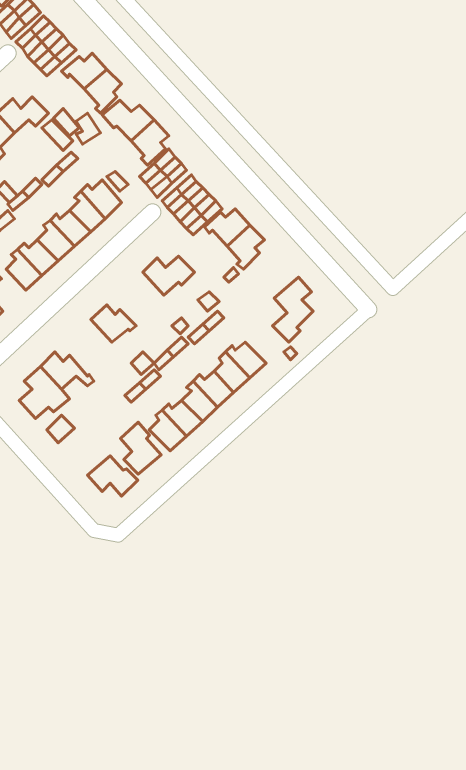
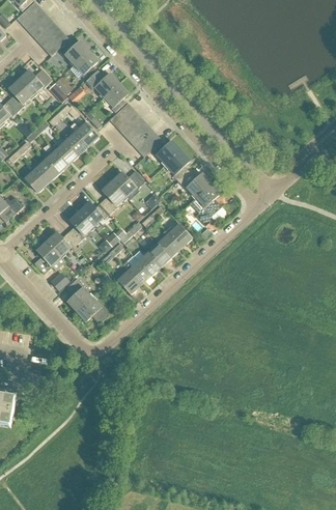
building: none -> [177,169,212,196]
building: none -> [100,179,125,212]
building: none -> [66,209,92,243]
building: [120,422,161,474] -> [65,276,91,309]

